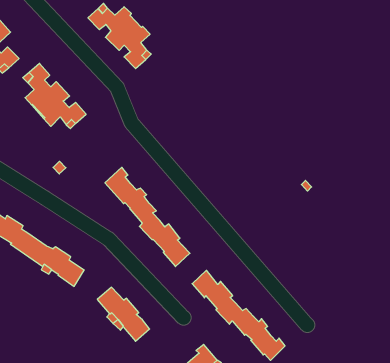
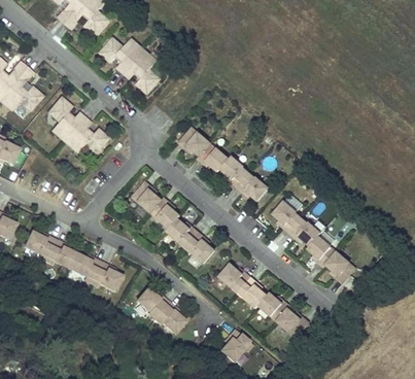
building: none -> [179,129,268,201]
building: none -> [273,202,354,283]

